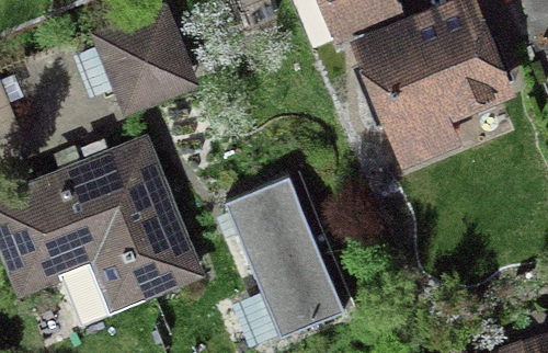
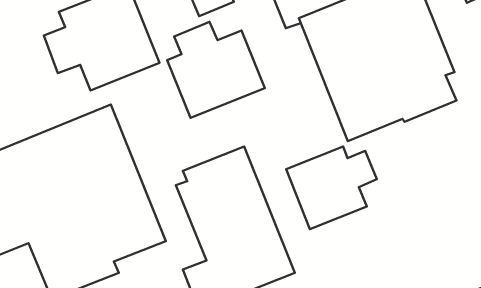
building: none -> [167,22,265,118]
building: none -> [286,146,377,229]

